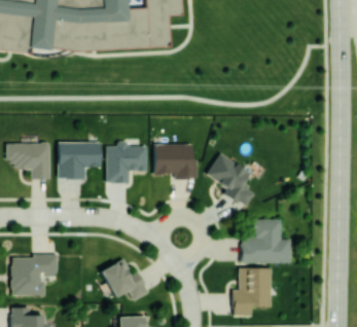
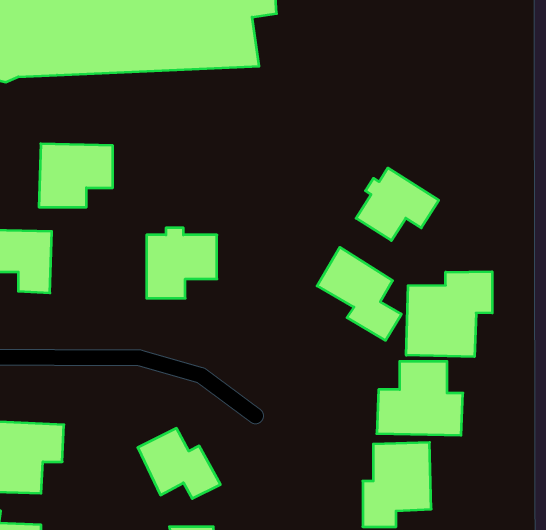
building: none -> [356,168,439,241]
building: [58,141,101,178] -> [39,144,113,207]
building: [153,143,195,178] -> none
building: none -> [406,272,492,357]

